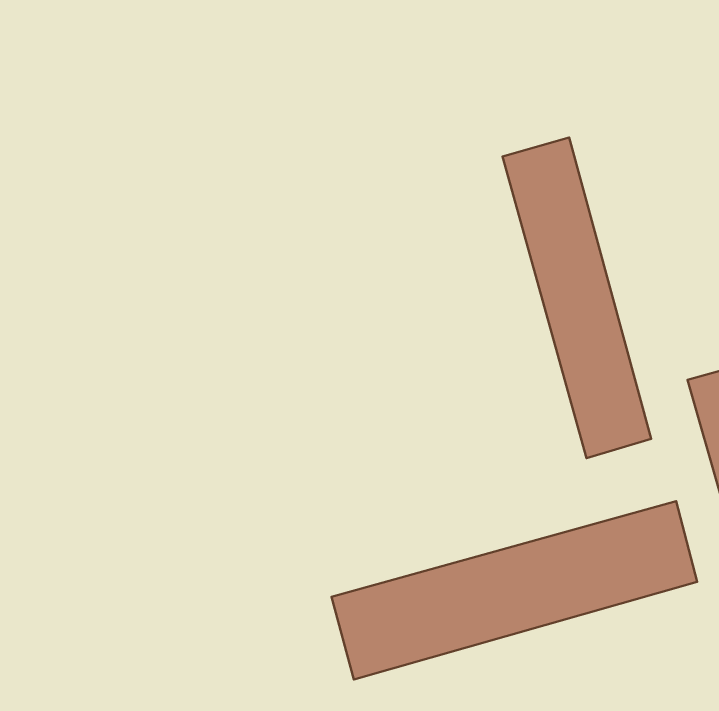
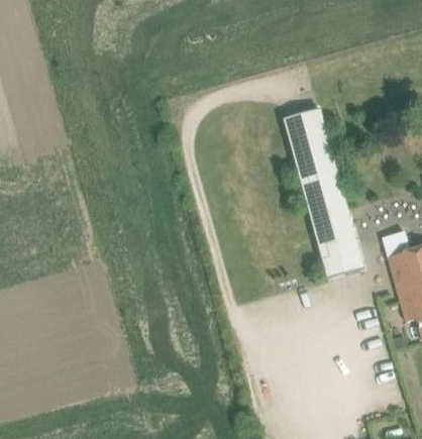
building: [331,501,697,680] -> none

